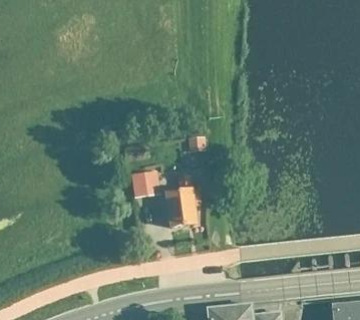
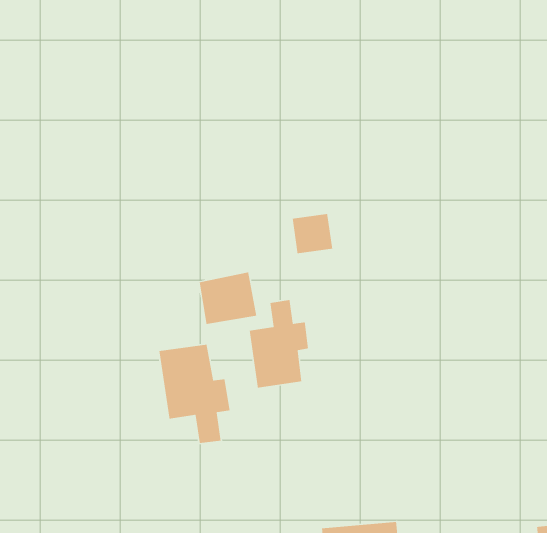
building: none -> [159,344,230,444]

